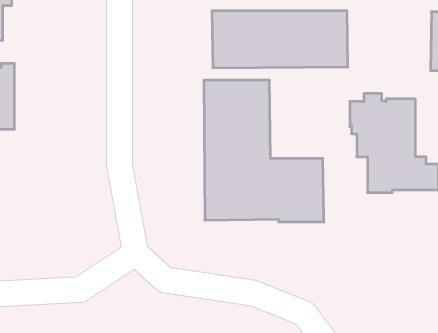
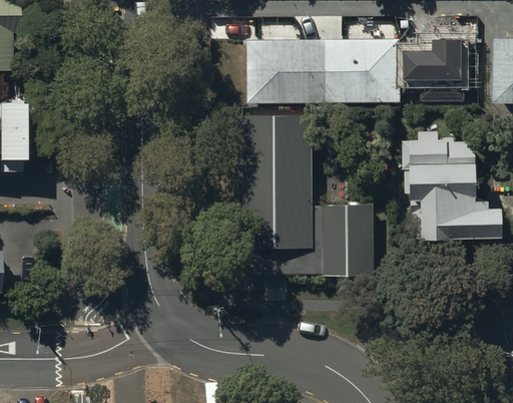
building: none -> [402,37,460,97]

